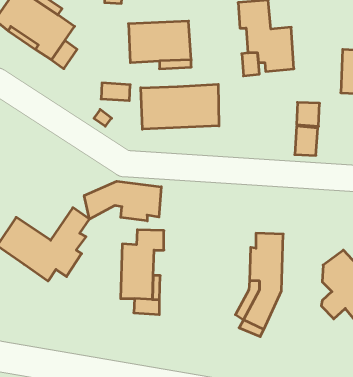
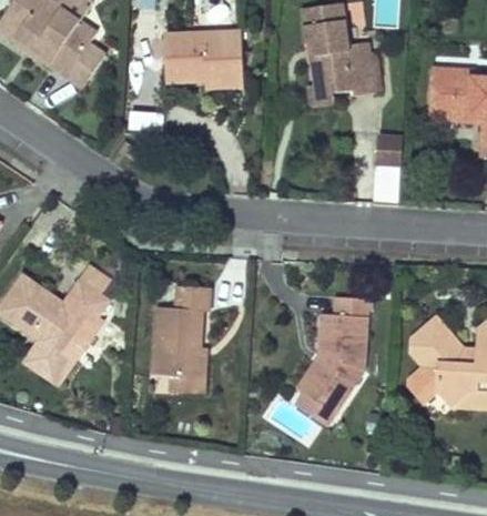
building: [141,84,219,129] -> none
building: [84,181,161,221] -> none
building: none -> [20,334,69,380]

